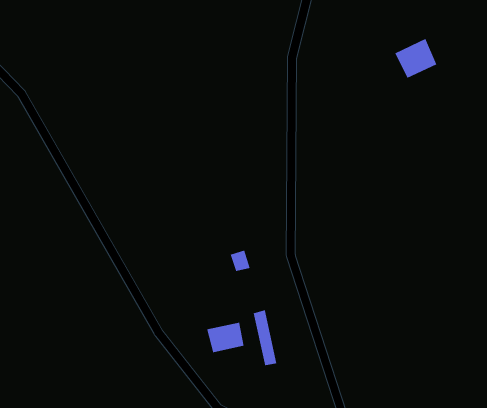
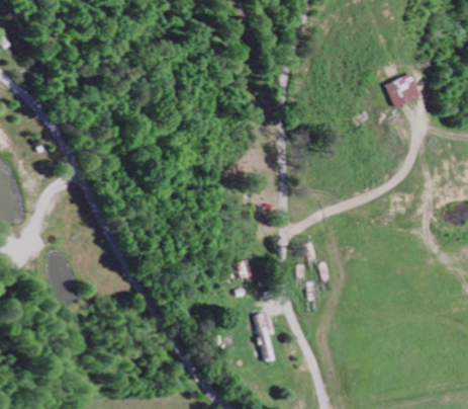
building: [207,322,244,353] -> none

